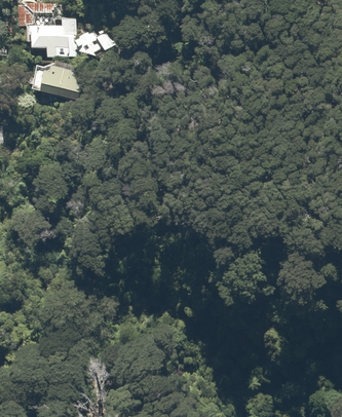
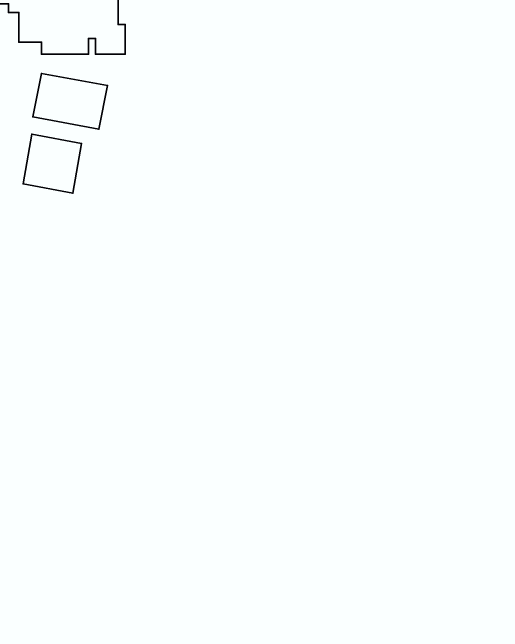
building: none -> [23,134,81,193]

